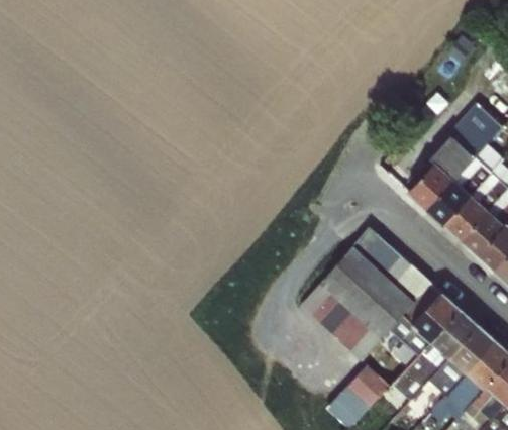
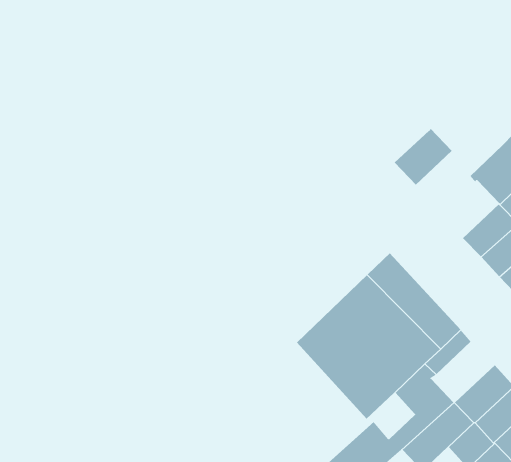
building: [409,163,455,210] -> [394,128,452,186]
building: [412,293,463,343] -> none

